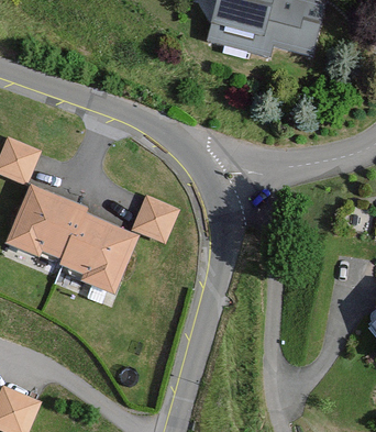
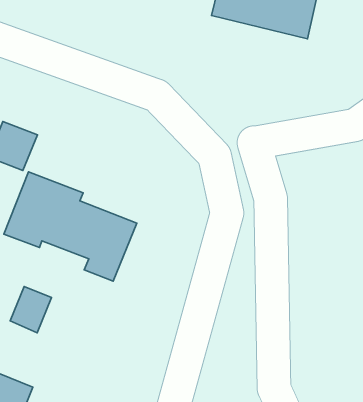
building: [130,197,174,242] -> none
building: none -> [10,287,52,333]

